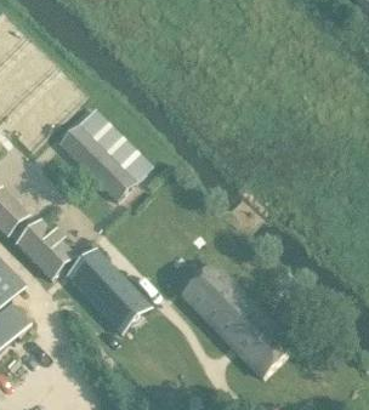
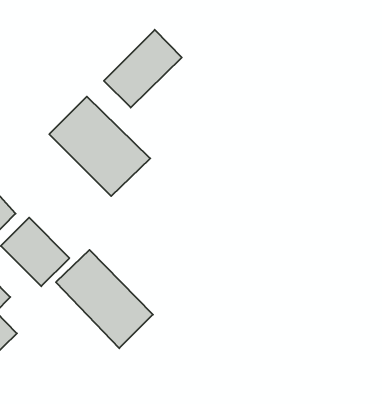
building: none -> [104,30,182,108]
building: [180,262,291,375] -> none

